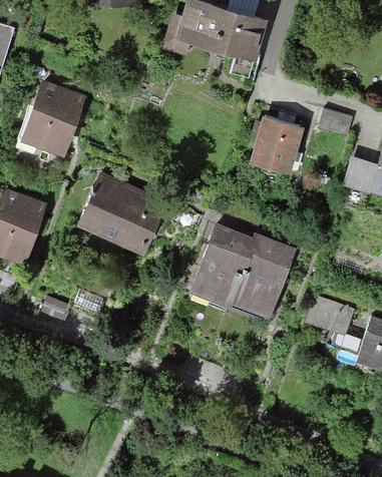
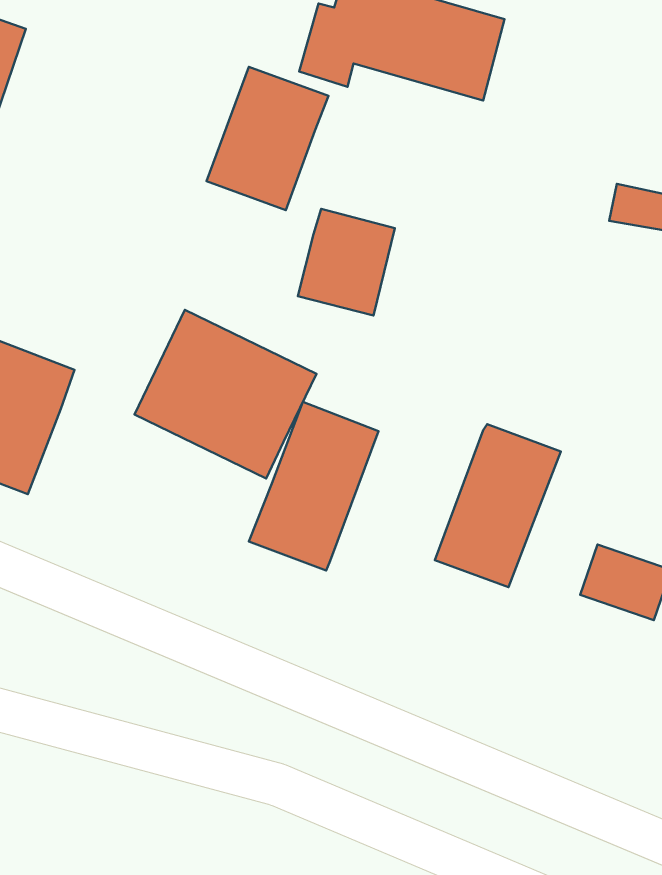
building: [23,84,86,158] -> [206,67,328,210]
building: [252,117,302,172] -> [298,209,395,316]
building: [189,220,257,308] -> [249,402,379,571]

